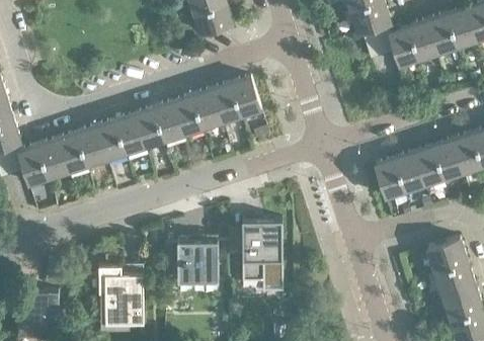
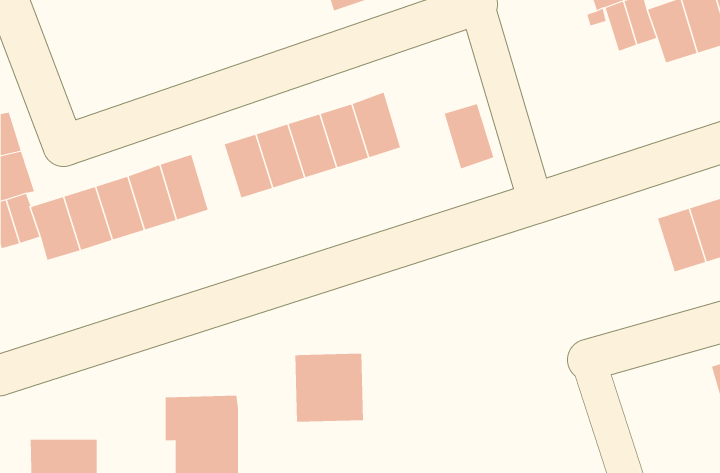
building: [231,77,261,116] -> [444,103,494,169]
building: [115,114,145,154] -> none
building: [375,159,405,198] -> none
building: [242,220,285,290] -> none

